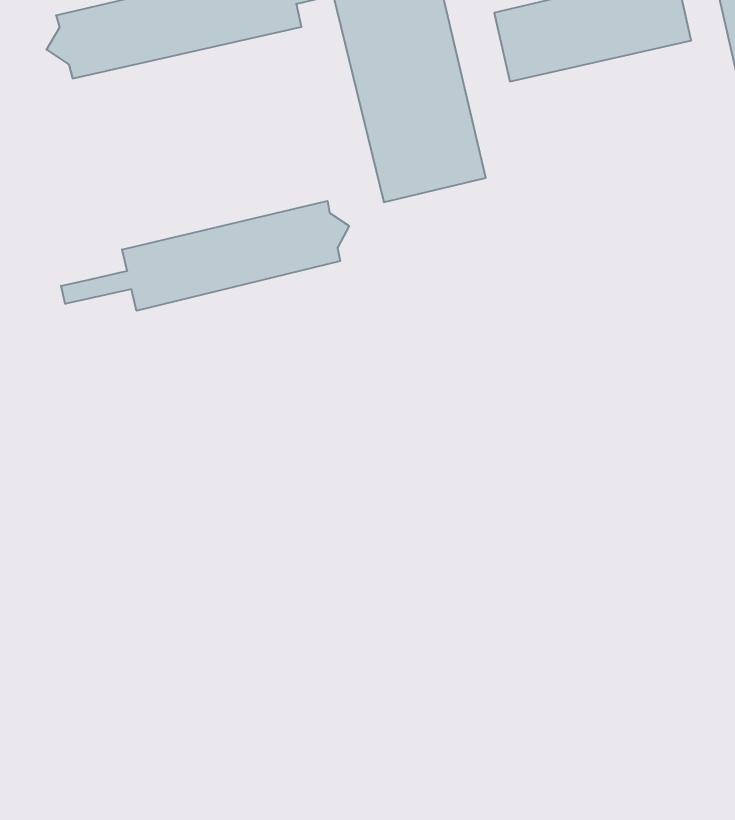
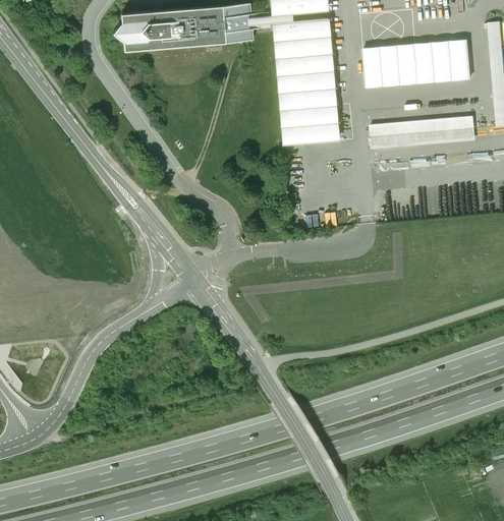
building: none -> [367,115,474,149]
building: [61,201,349,311] -> none

